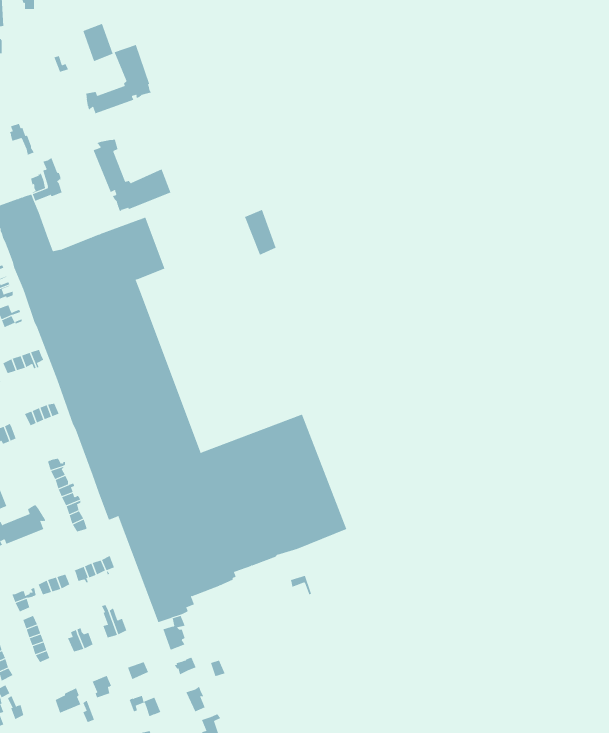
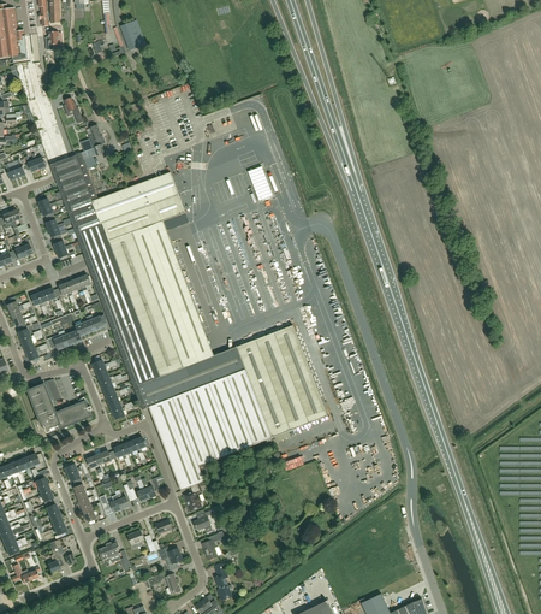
building: [86,44,152,114] -> none
building: [93,139,171,213] -> none

